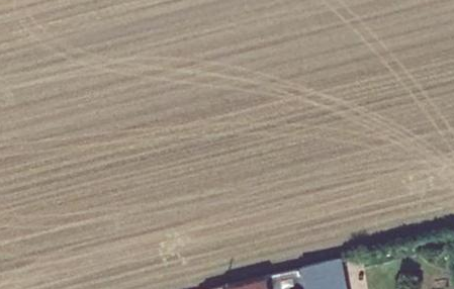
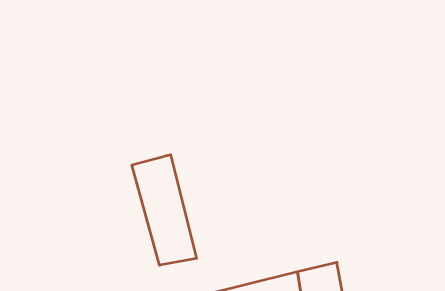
building: none -> [132,155,197,265]

